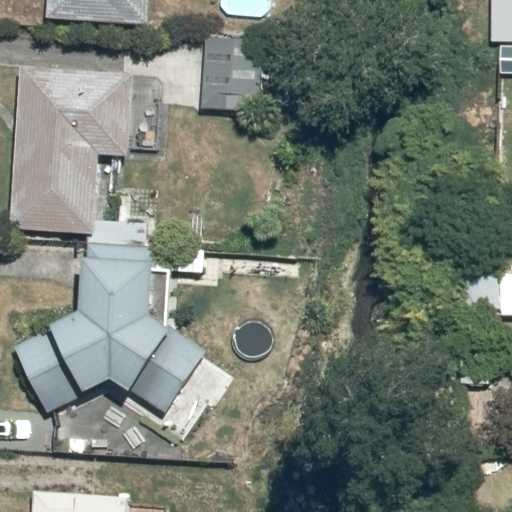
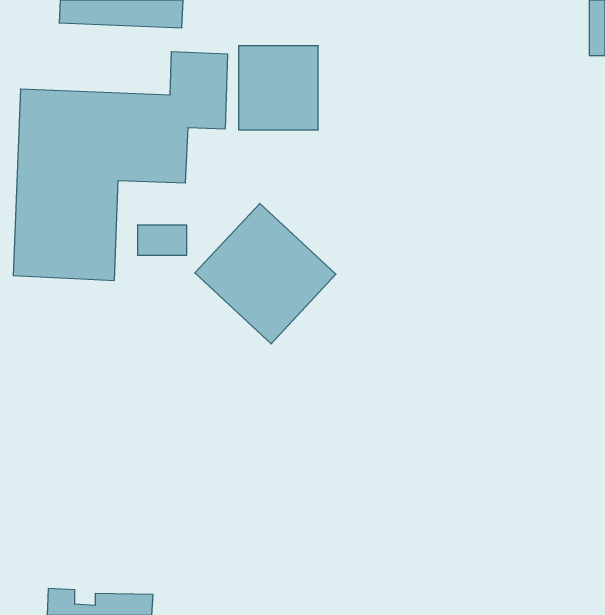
building: none -> [195,203,336,344]
building: [16,270,207,410] -> none

